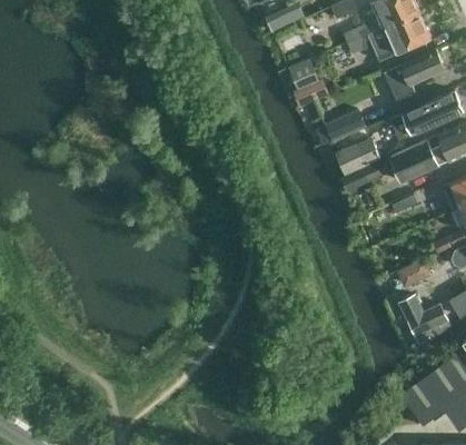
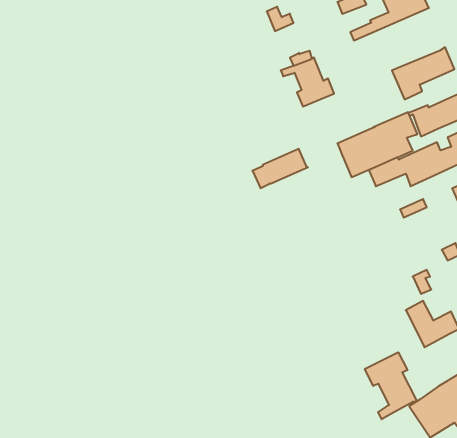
building: [348,12,432,62] -> none
building: [315,109,368,147] -> [252,149,308,188]
building: none -> [365,352,416,419]

